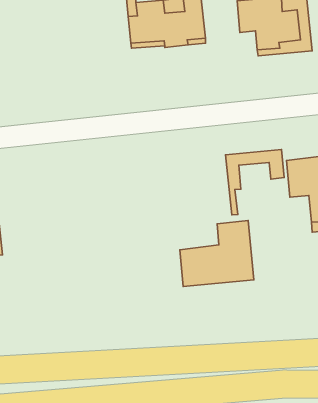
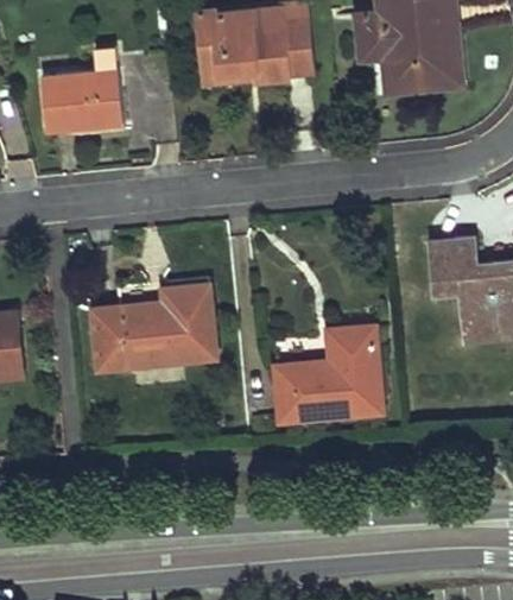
building: none -> [40,46,122,137]
building: [226,150,284,215] -> none
building: none -> [90,285,215,368]

